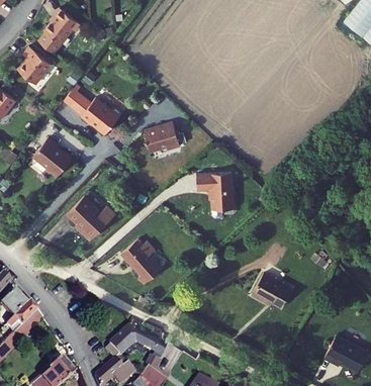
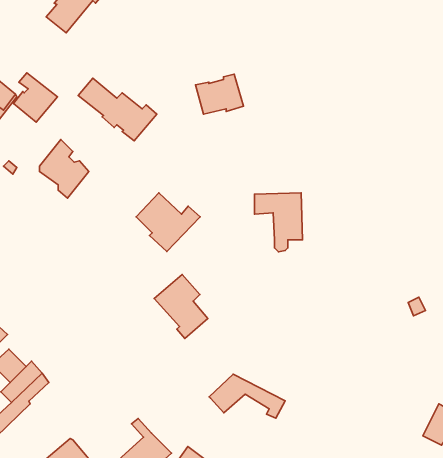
building: [18,45,52,83] -> [13,73,58,122]
building: [145,121,181,152] -> [195,74,244,114]
building: [68,195,116,239] -> [136,193,200,251]
building: [251,272,291,307] -> none
building: [108,326,166,360] -> [209,374,285,418]

